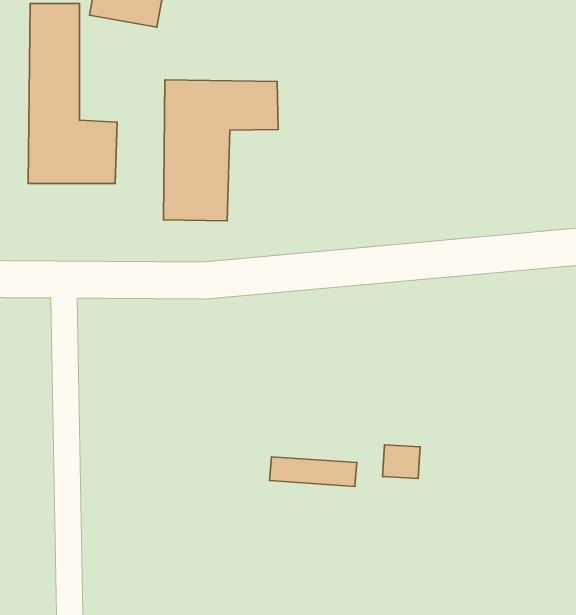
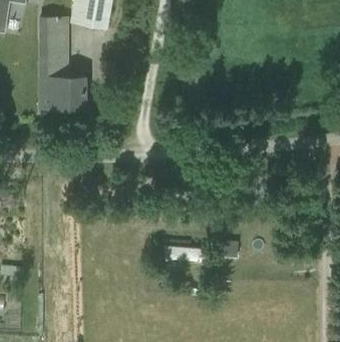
building: [163,80,278,221] -> none

